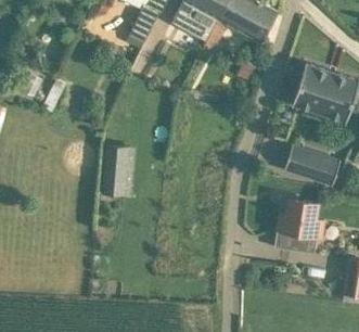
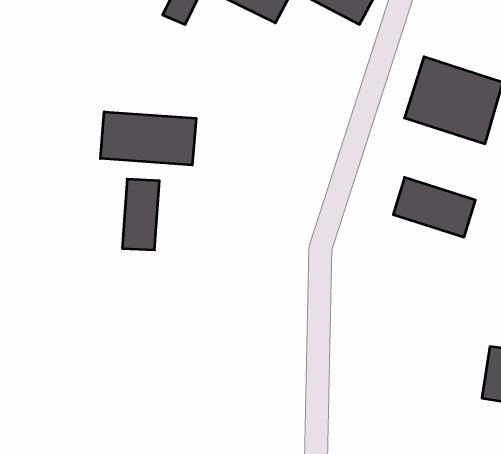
building: none -> [100,112,196,165]
building: [273,199,323,254] -> none

